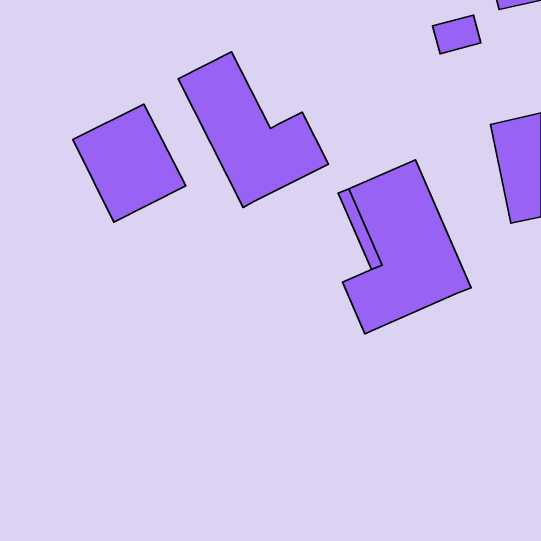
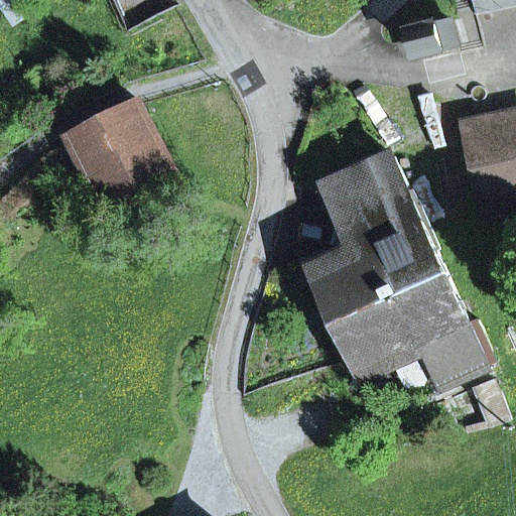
building: [178,52,328,208] -> none
building: none -> [343,275,485,381]

